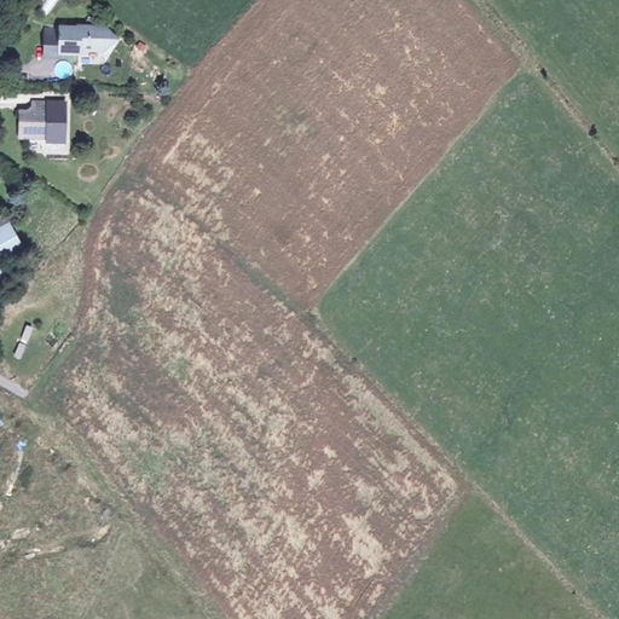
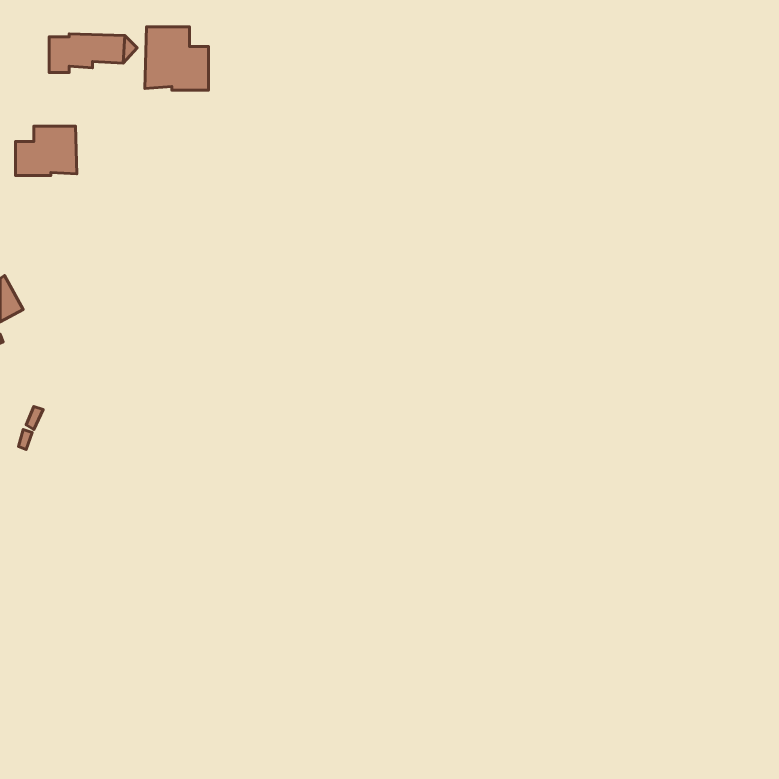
building: none -> [145,27,208,90]

